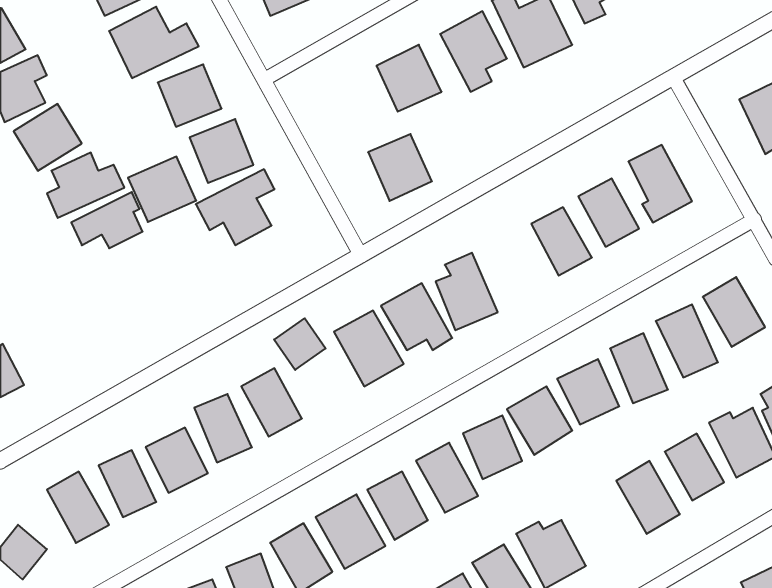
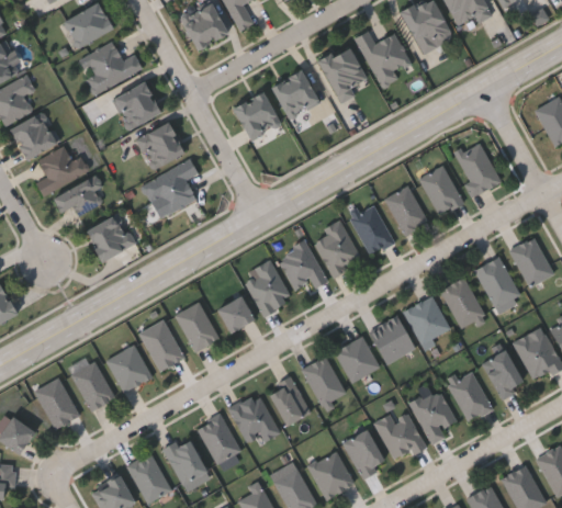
building: [368,134,432,201] -> [235,92,281,140]
building: [128,157,196,222] -> [87,214,136,261]
building: none -> [350,204,394,256]
building: [274,318,326,370] -> [216,296,254,334]
building: none -> [409,387,457,444]

